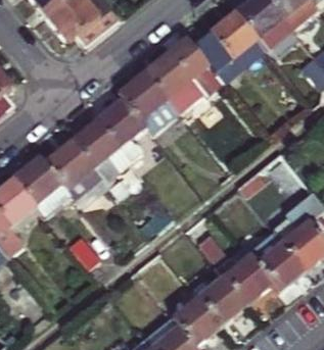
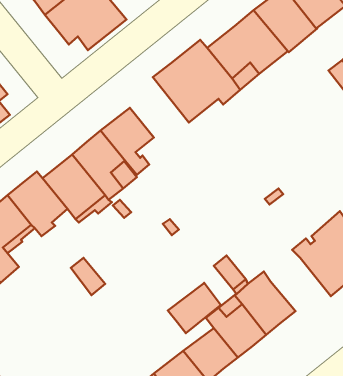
building: [118,72,176,135] -> none
building: [249,235,304,291] -> none
building: none -> [168,283,221,333]

